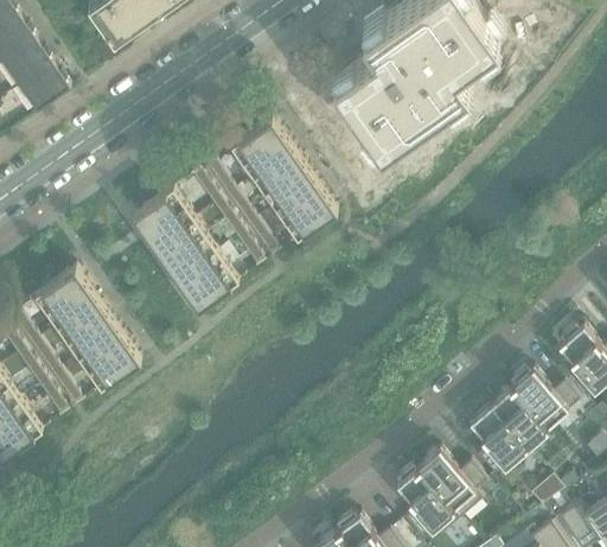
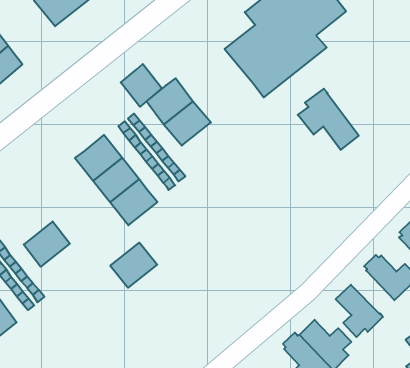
building: none -> [121,64,162,107]
building: none -> [298,89,359,150]
building: [273,184,336,244] -> none
building: [32,272,95,332] -> none
building: [76,335,139,394] -> [110,243,157,288]
building: [487,393,544,452] -> none

